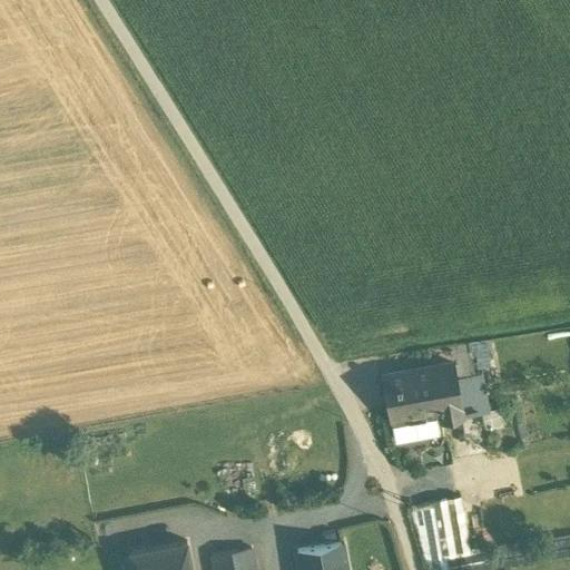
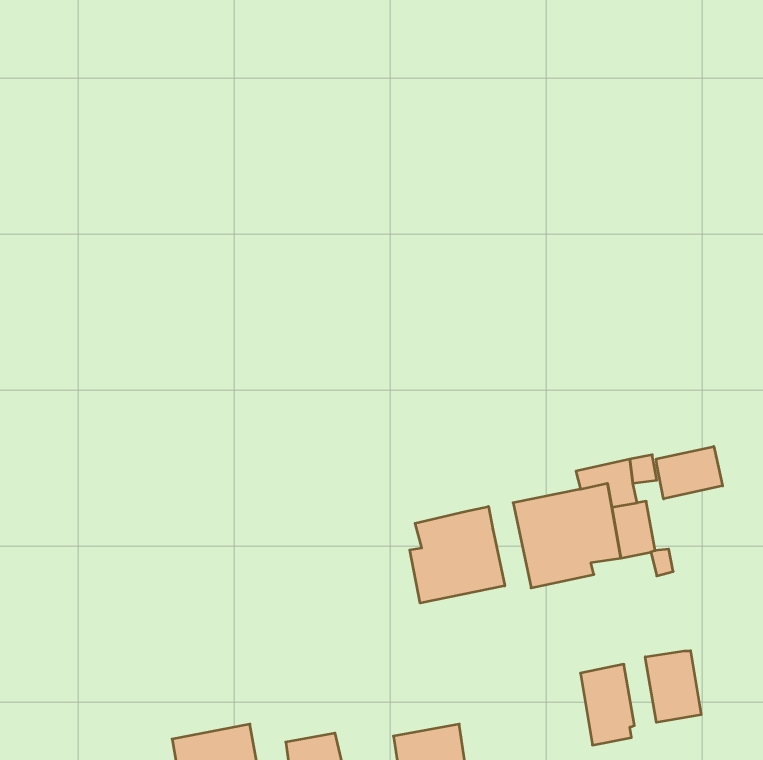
building: none -> [656,446,723,499]
building: none -> [410,506,505,603]
building: none -> [645,651,701,722]

